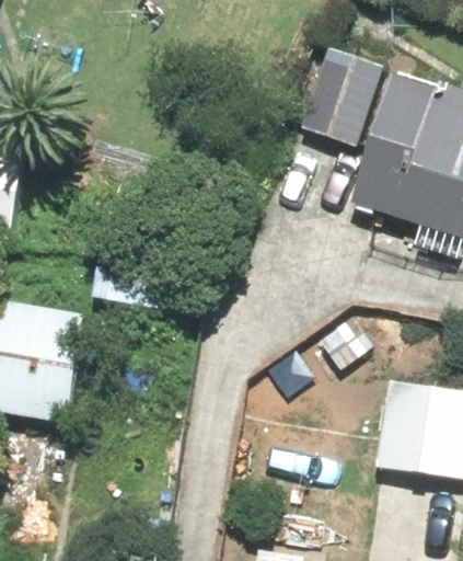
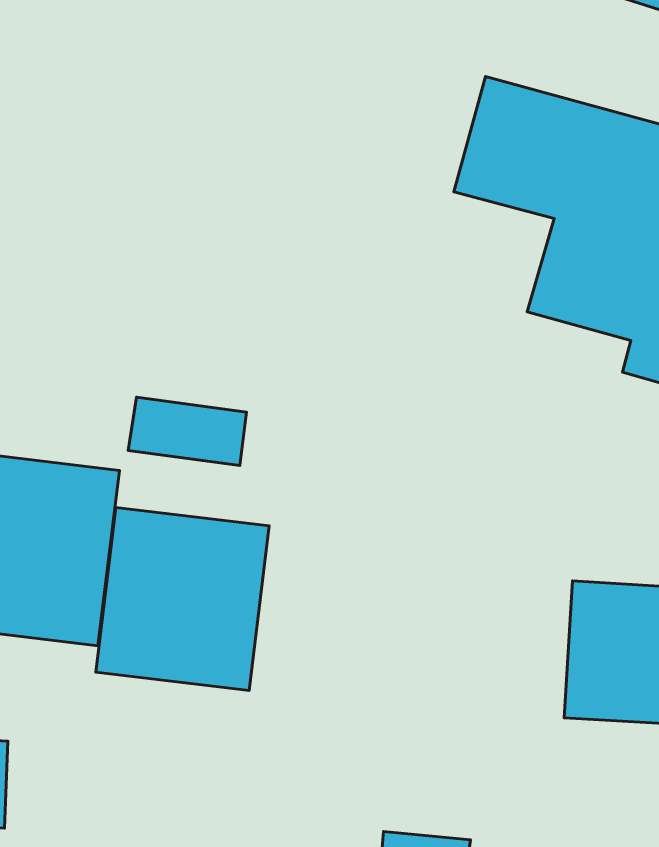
building: none -> [96,507,269,690]

